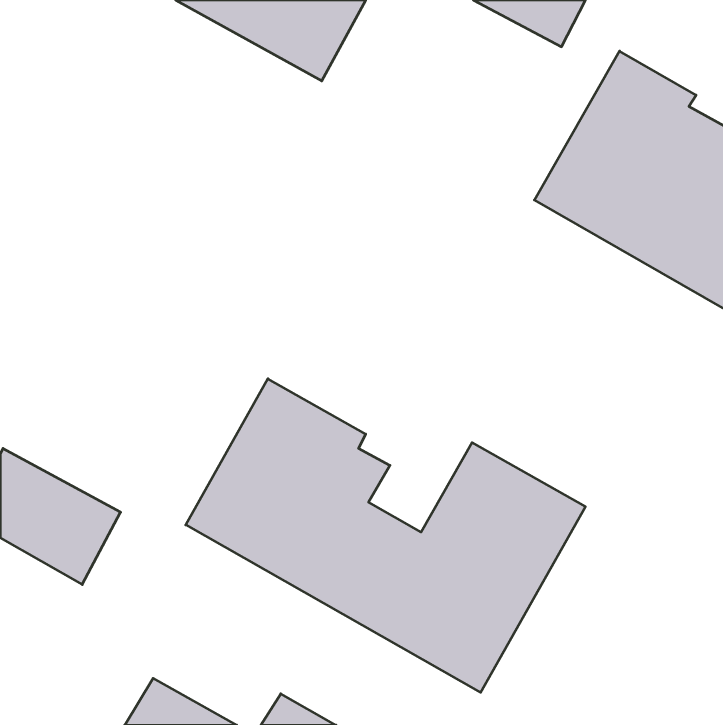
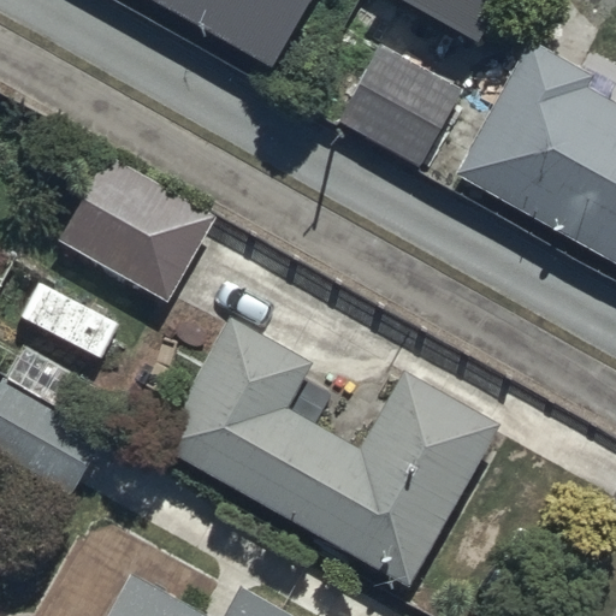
building: none -> [330,42,461,168]
building: none -> [58,158,213,301]

